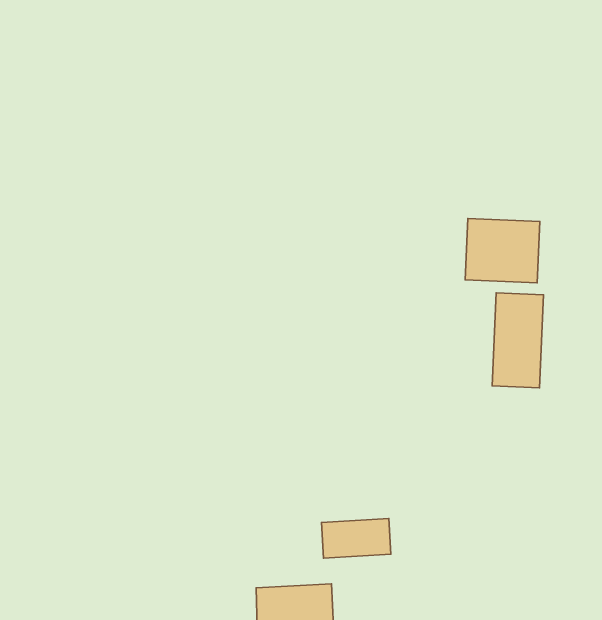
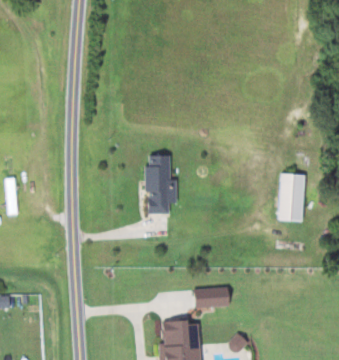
building: [465,218,540,283] -> none
building: none -> [146,156,175,214]

